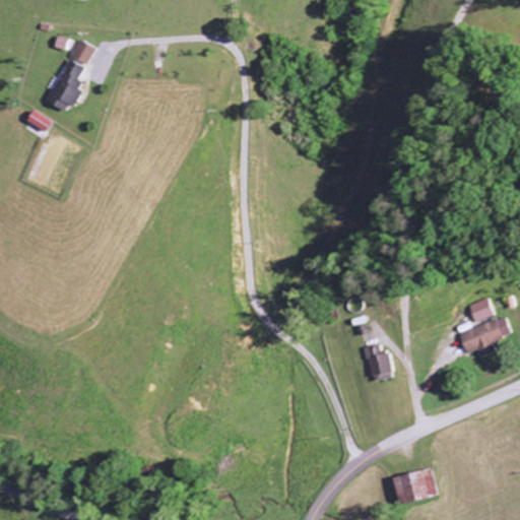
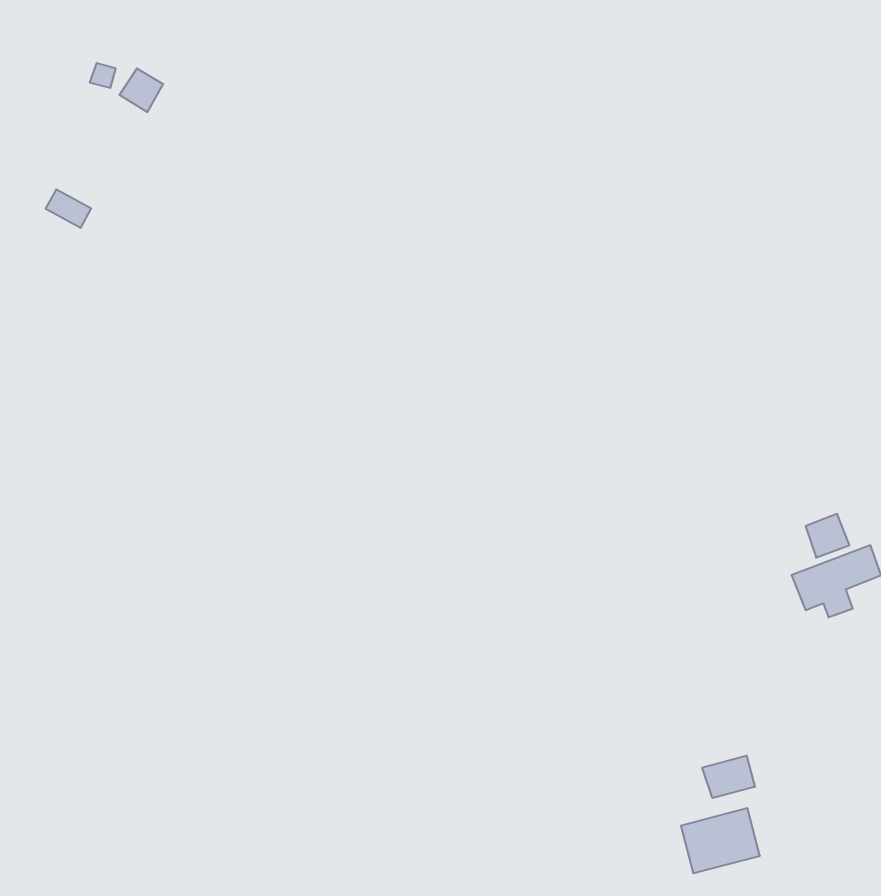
building: [47,58,85,112] -> none
building: [367,345,394,378] -> none
building: none -> [702,755,755,798]

